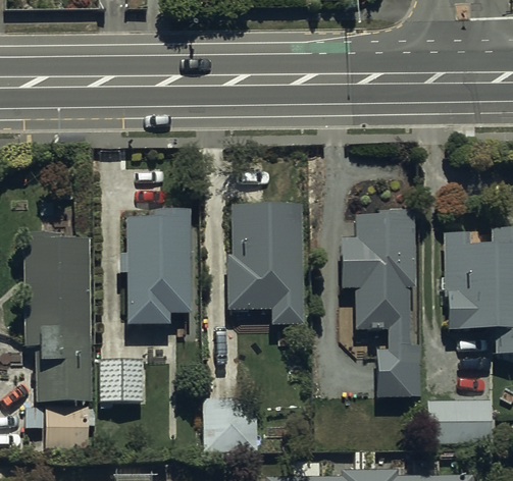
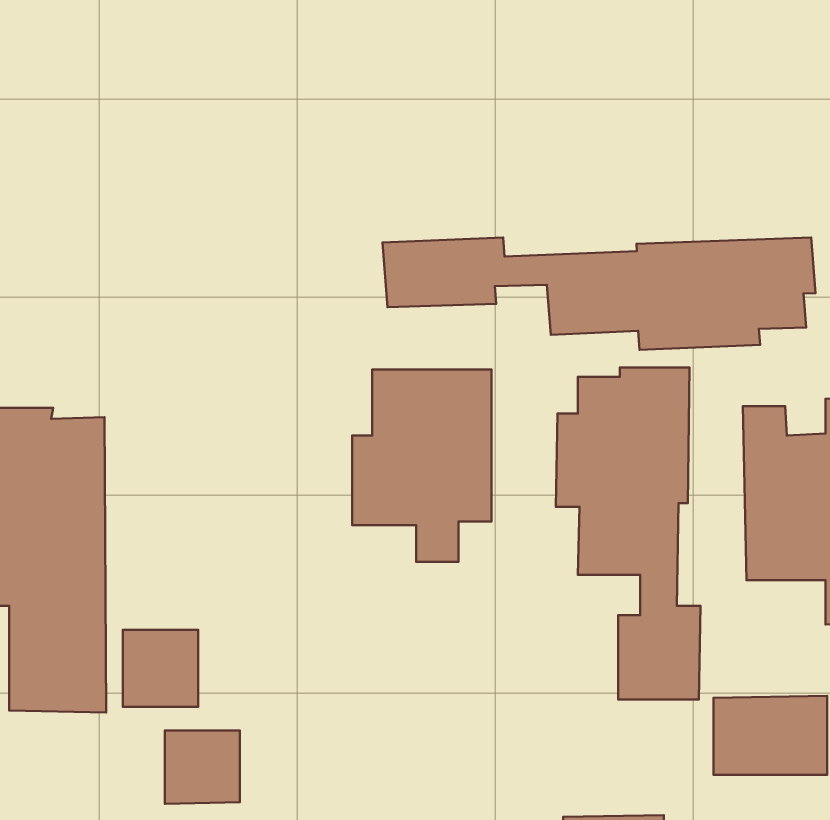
building: none -> [383,237,815,350]
building: [126,211,191,323] -> none
building: [45,407,87,447] -> [165,731,240,804]

